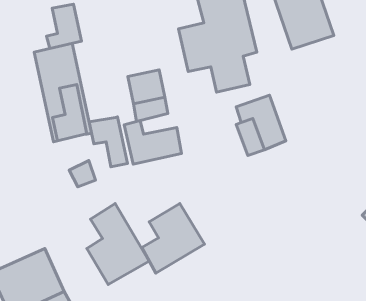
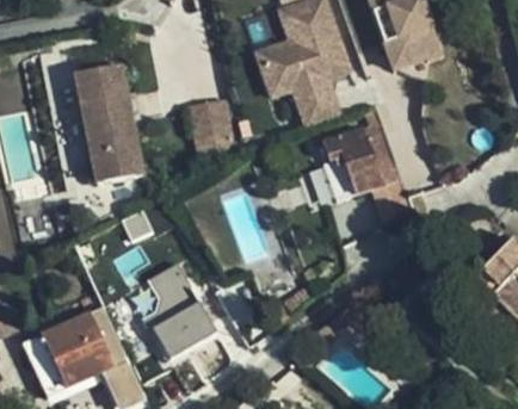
building: [46,4,81,48] -> none
building: [89,117,128,167] -> none
building: [124,121,182,164] -> none
building: [142,204,205,273] -> none

